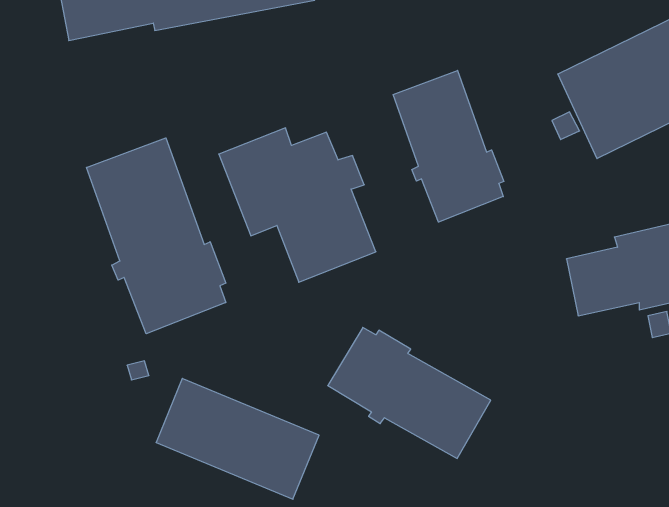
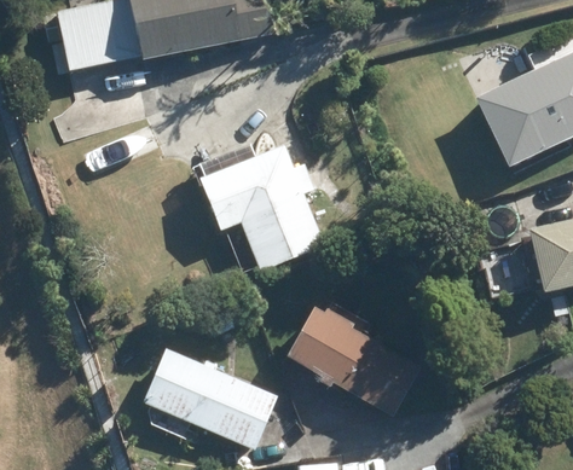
building: [393,70,504,222] -> none
building: [87,138,226,334] -> none

